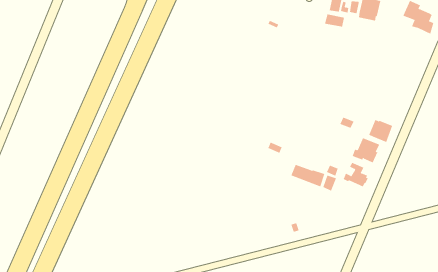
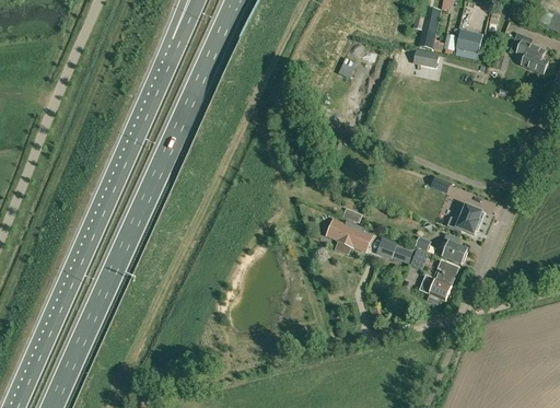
building: [368,119,393,143] -> none
building: none -> [327,220,372,250]
building: none -> [421,260,459,300]

